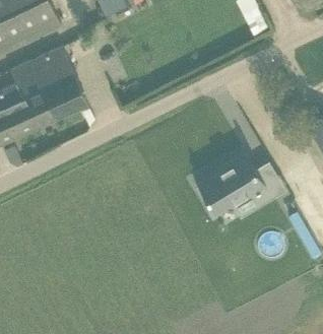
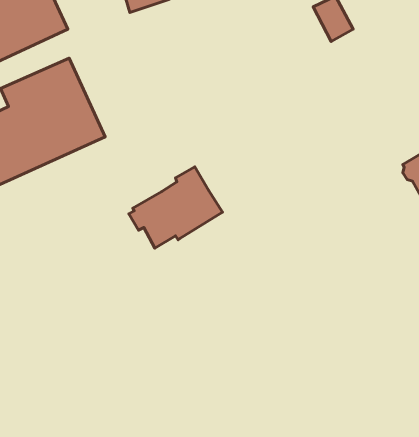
building: [195,152,264,212] -> [129,167,222,248]

